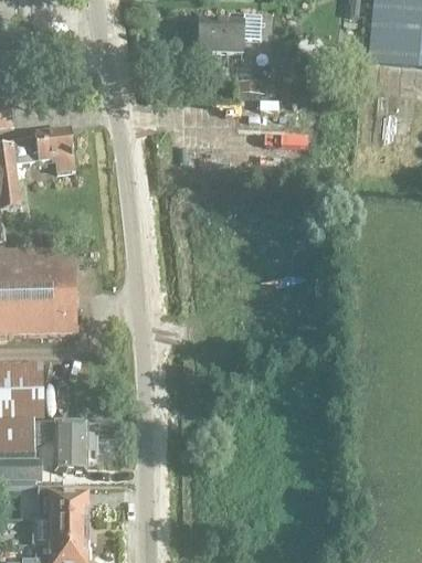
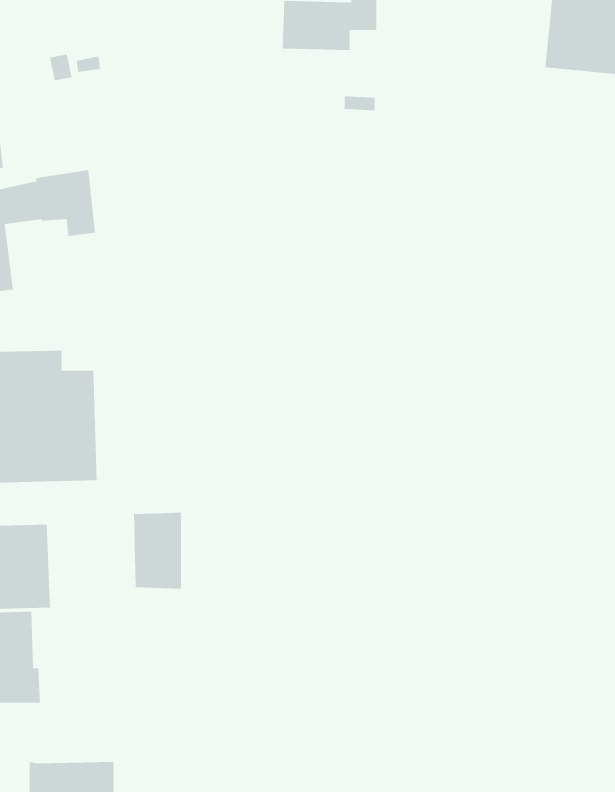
building: [54,419,86,470] -> [133,512,182,589]
building: [35,488,86,520] -> none

